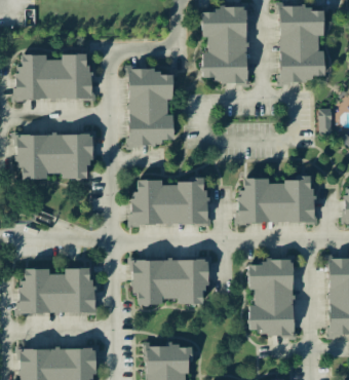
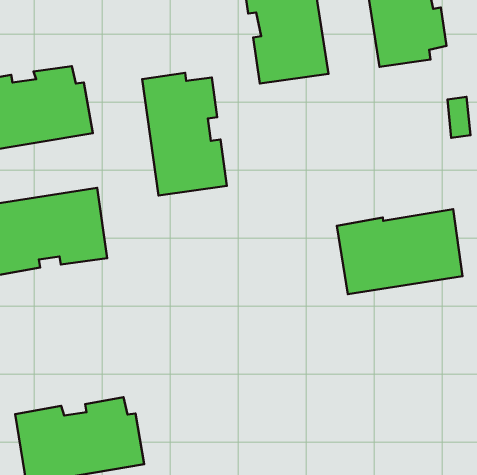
building: [131,180,207,225] -> none
building: [133,260,205,305] -> none
building: [248,261,293,334] -> none

